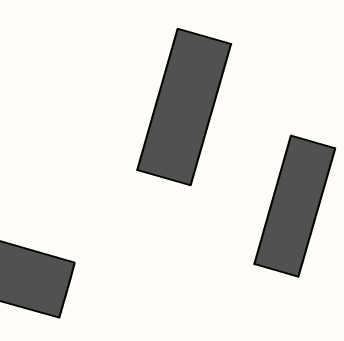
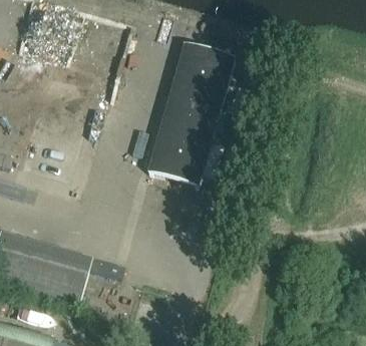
building: [254,135,335,277] -> none

